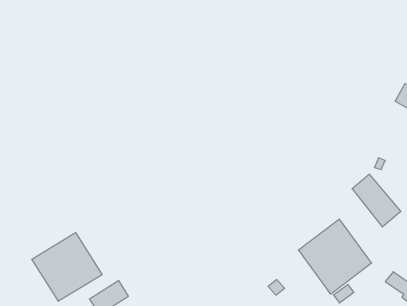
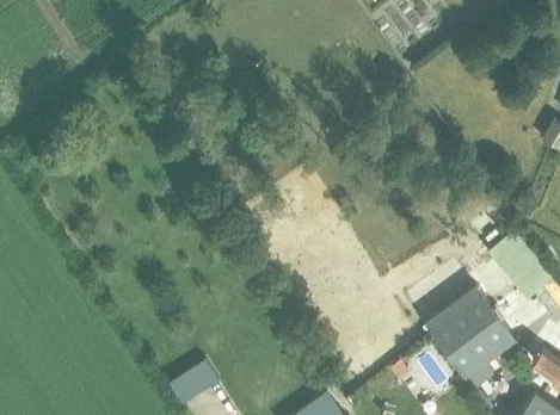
building: [32,233,102,301] -> none

